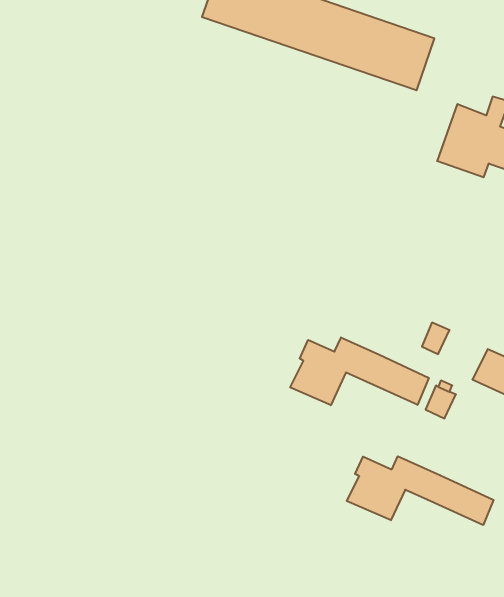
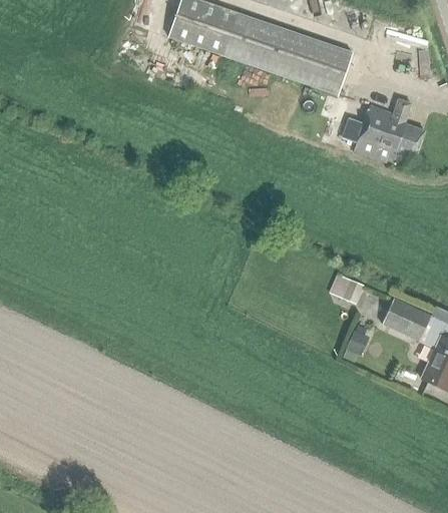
building: [290,337,429,405] -> none
building: [347,456,494,525] -> none

